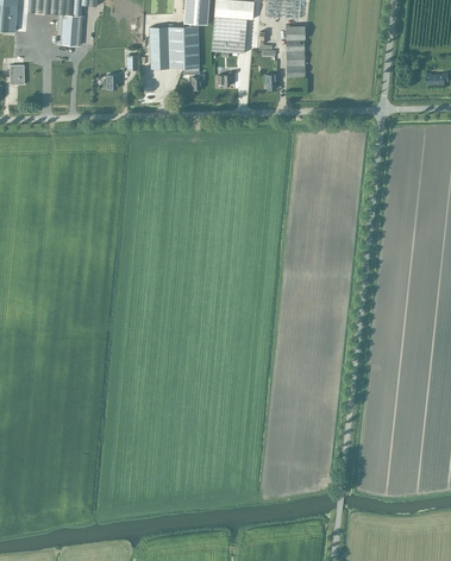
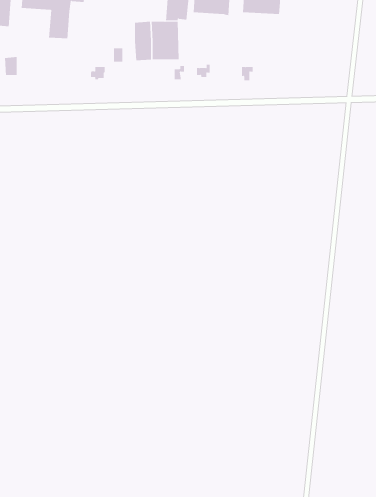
building: [211,17,246,55] -> none
building: [286,26,306,77] -> none

